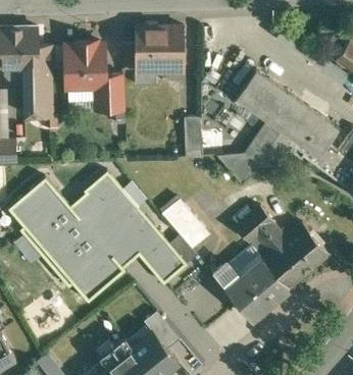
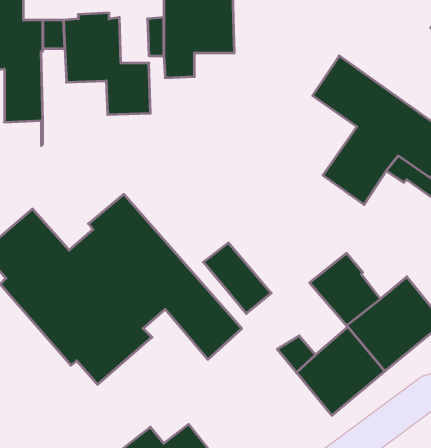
building: [184,117,202,150] -> none
building: [216,153,263,184] -> none

